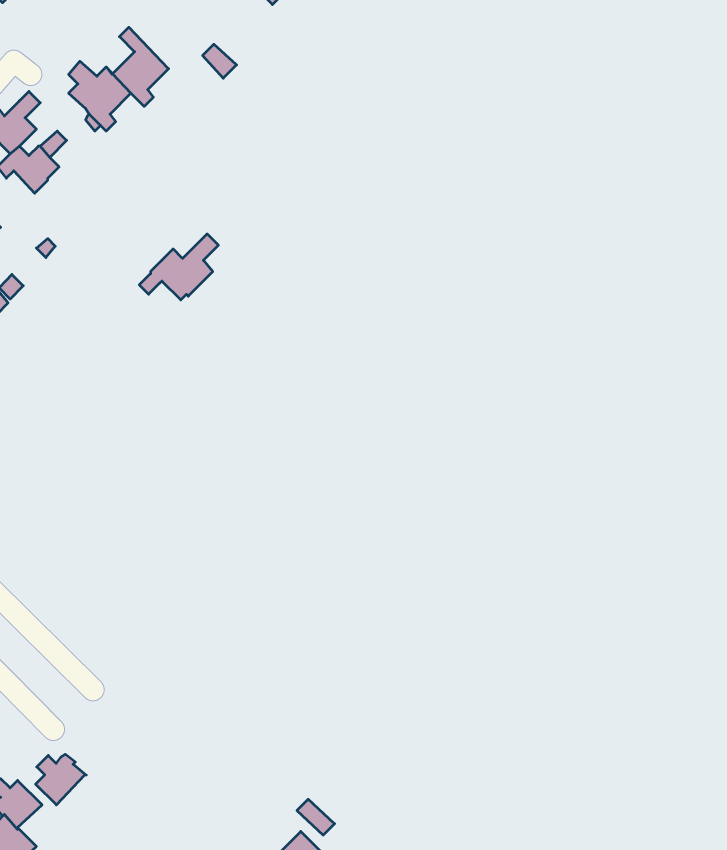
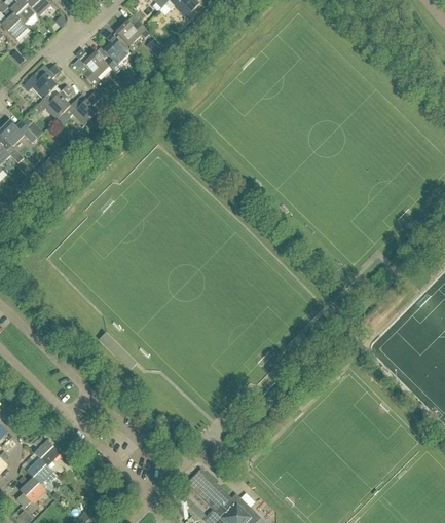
building: none -> [114,20,149,46]
building: [139,234,218,300] -> [57,91,100,127]
building: [36,754,86,805] -> none

